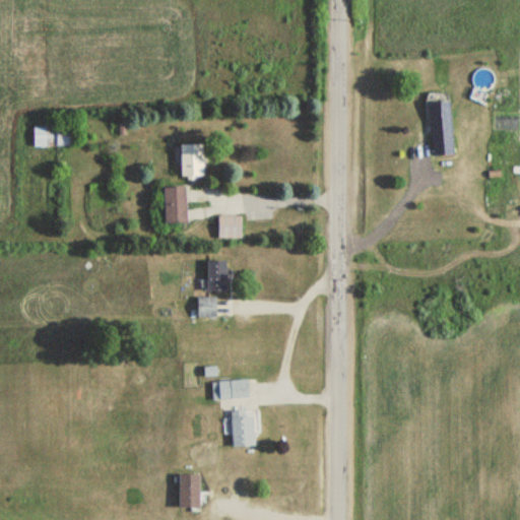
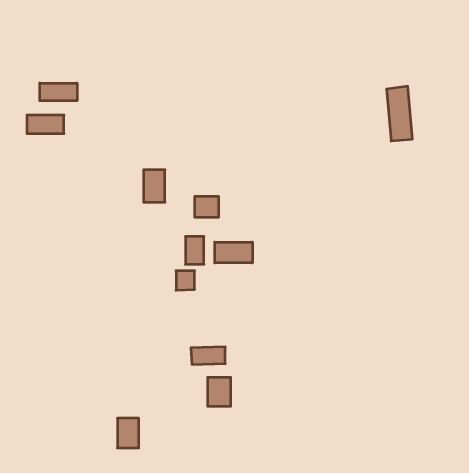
building: none -> [40,83,77,101]
building: [180,144,204,178] -> none
building: none -> [215,242,252,263]
building: [178,474,201,507] -> [117,418,139,448]

